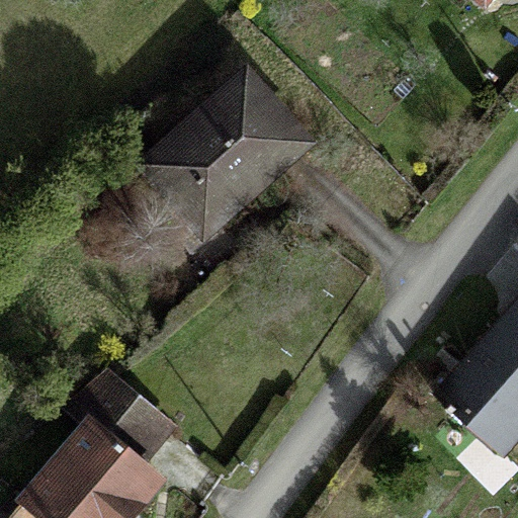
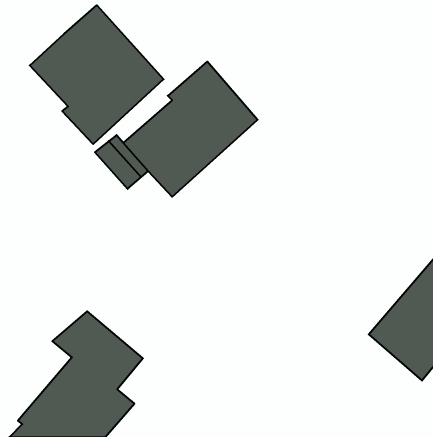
building: none -> [30,5,164,144]

